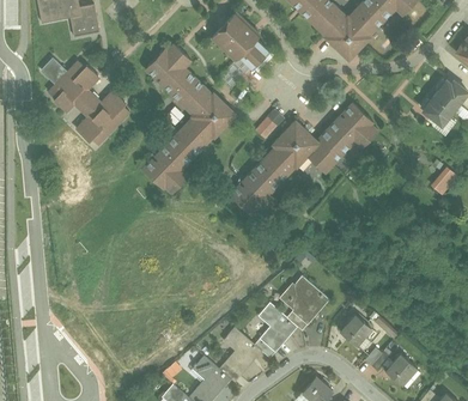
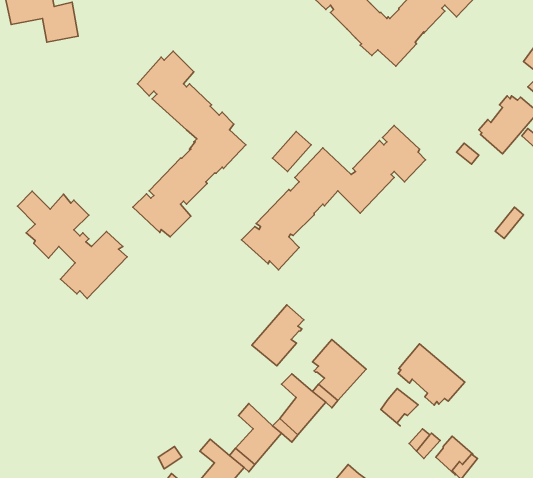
building: [211,12,273,73] -> none
building: [41,59,129,145] -> [17,191,127,298]
building: none -> [252,305,304,366]
building: none -> [398,344,465,405]

